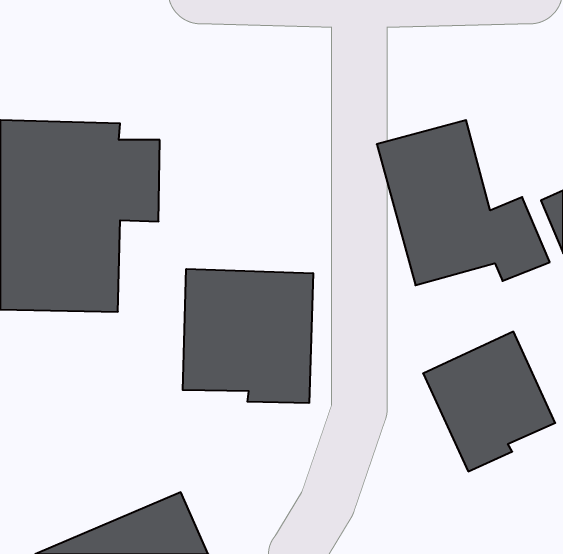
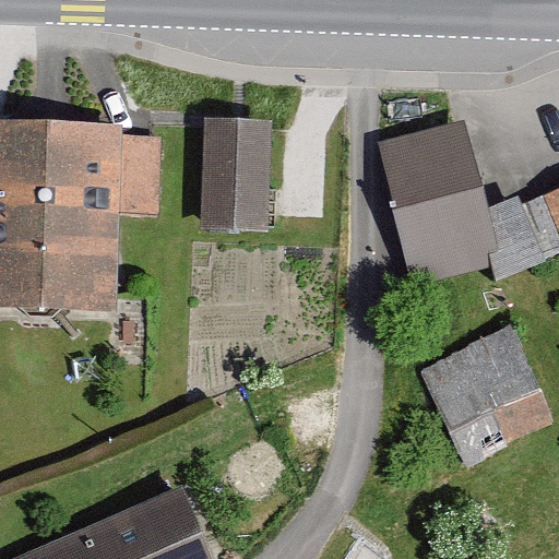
building: none -> [201,118,270,227]
building: [183,269,313,403] -> none

